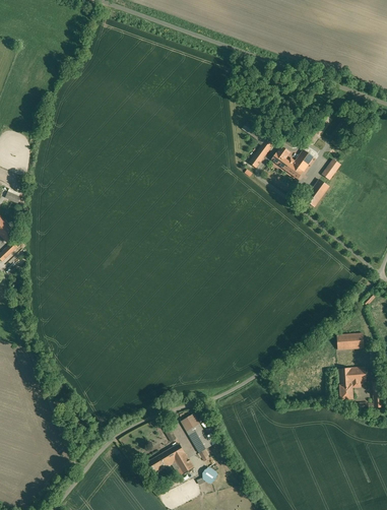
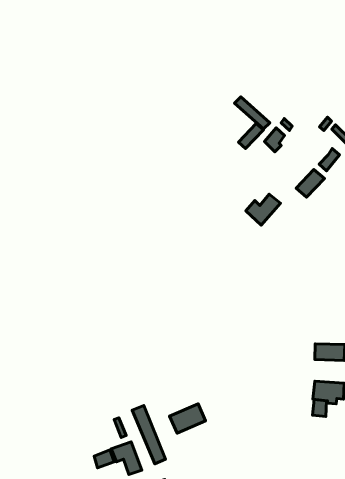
building: [283,152,314,181] -> [246,194,281,225]
building: none -> [170,404,206,433]

